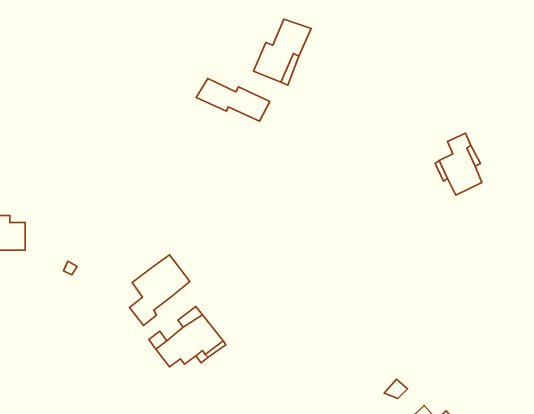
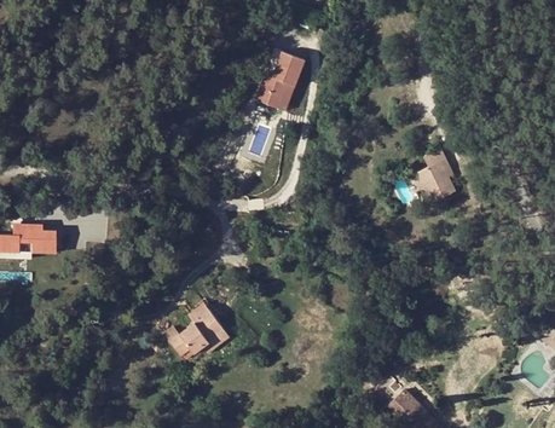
building: [196,79,270,121] -> none
building: [130,255,190,326] -> none

